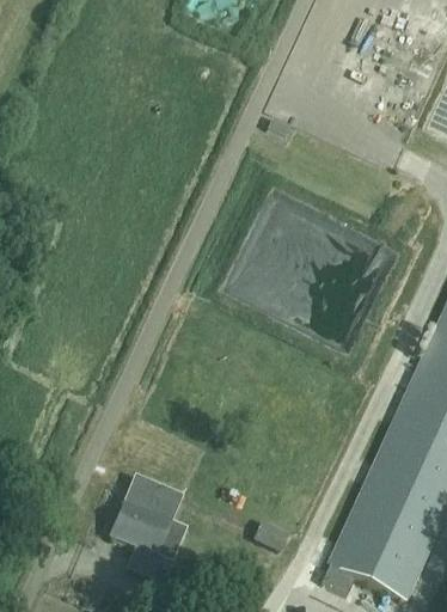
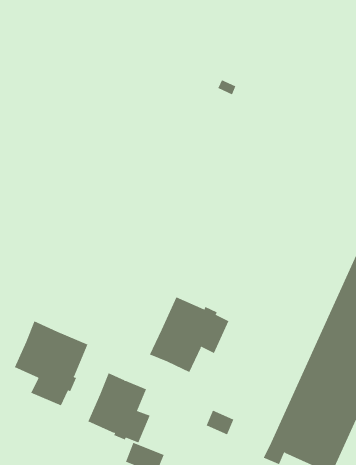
building: none -> [149,297,229,373]
building: none -> [14,320,88,406]

